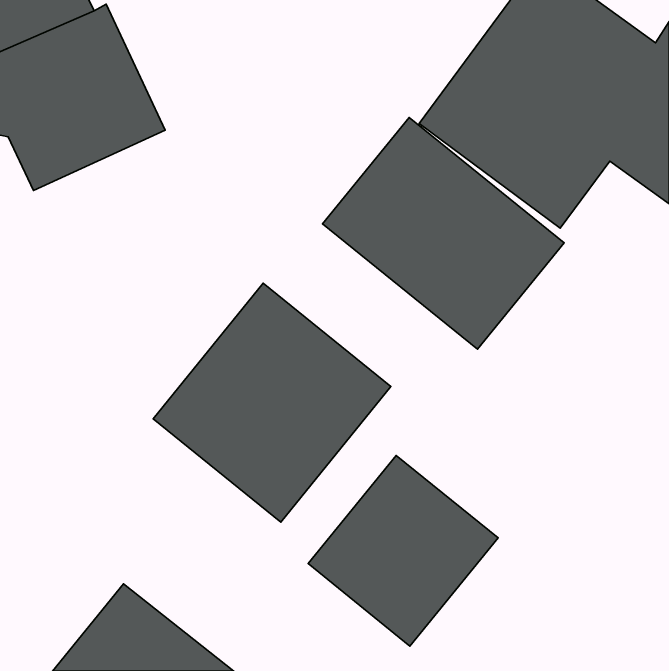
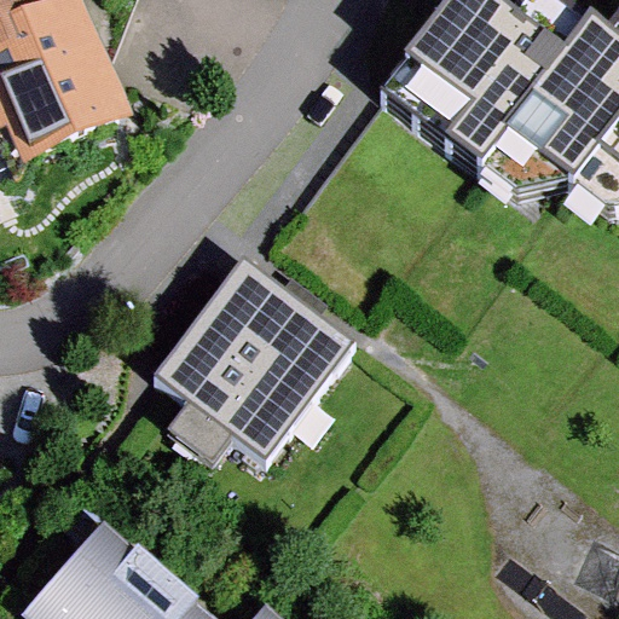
building: [323,117,564,349] -> none
building: [308,455,498,646] -> none

